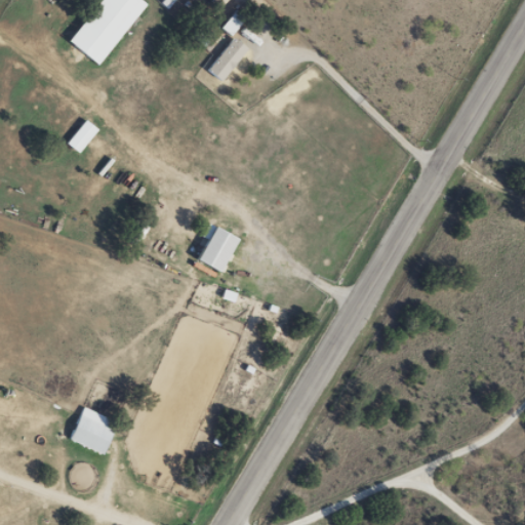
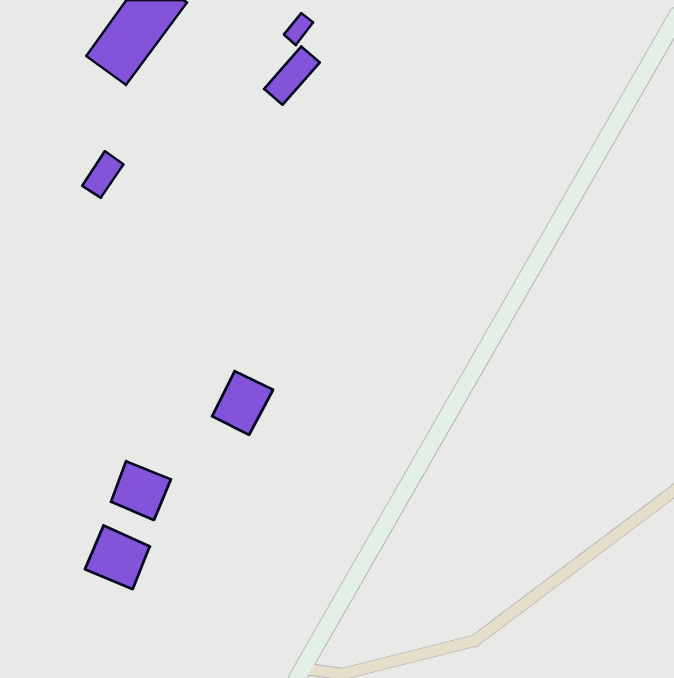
building: [194,224,241,273] -> [212,371,273,435]
building: none -> [111,461,171,520]

